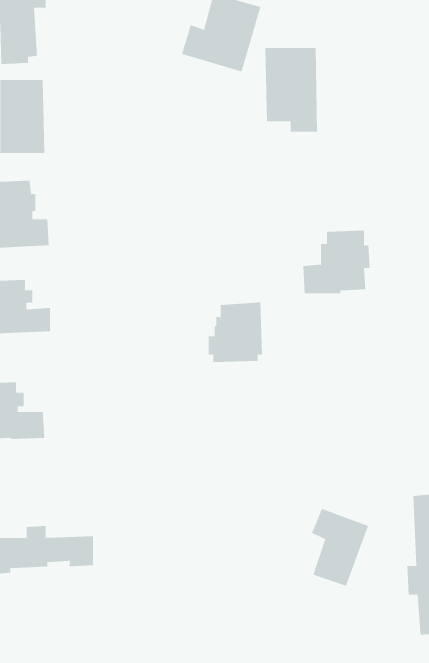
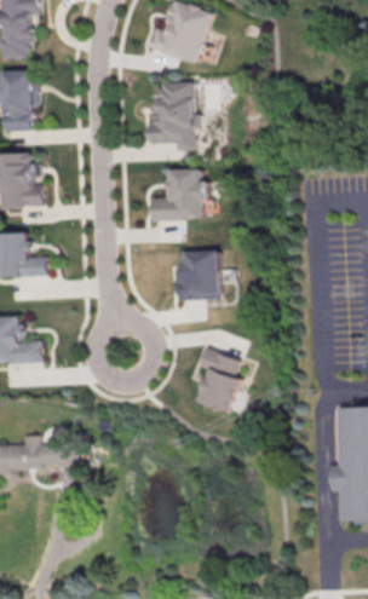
building: [265,48,318,132] -> [156,81,200,150]
building: [303,230,371,294] -> [150,168,206,220]
building: [311,508,369,587] -> [200,346,247,410]

